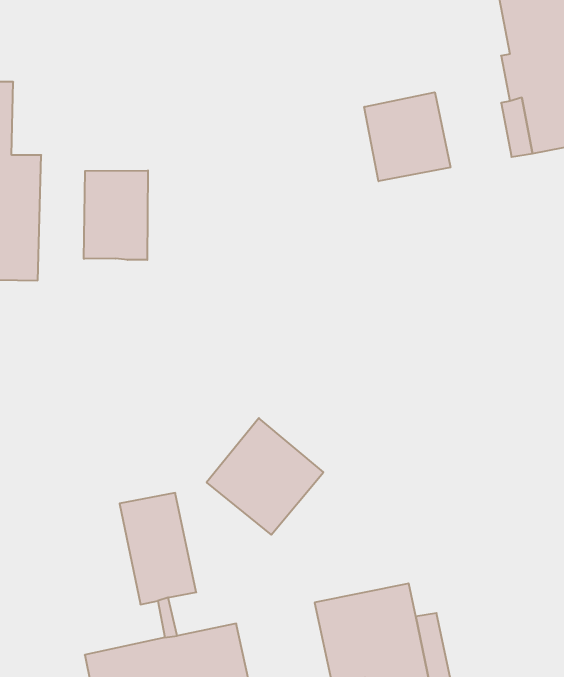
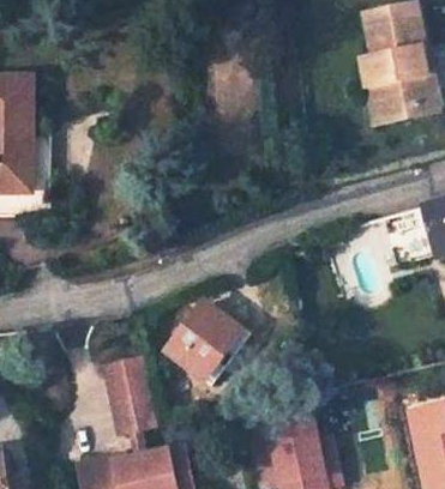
building: [364,92,450,181] -> none
building: [84,170,148,260] -> none

